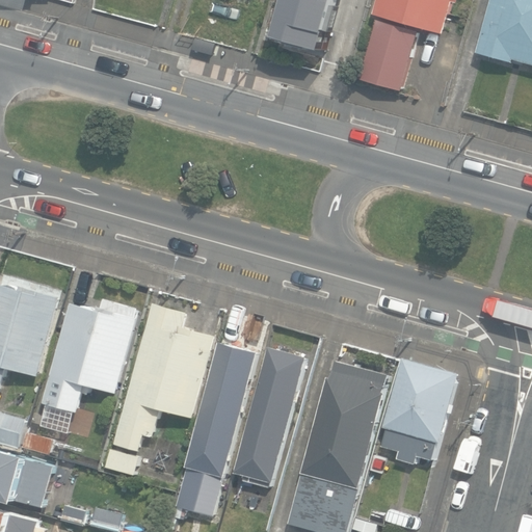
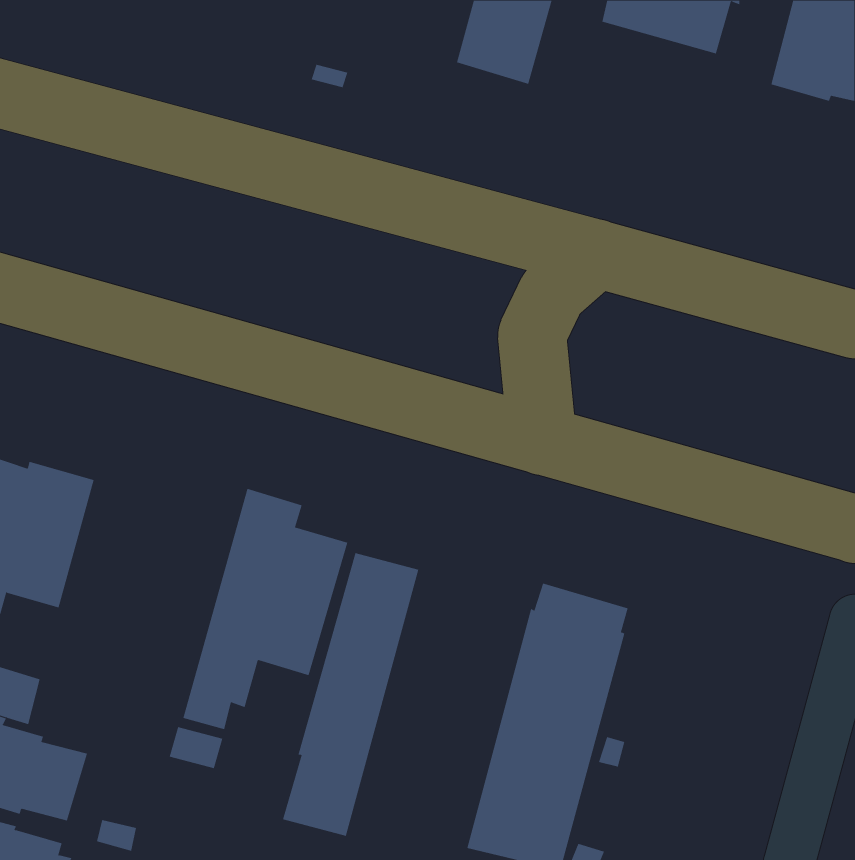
building: [356,23,415,92] -> none
building: [41,298,136,415] -> none
building: [233,347,305,482] -> none
building: [380,357,458,463] -> none

